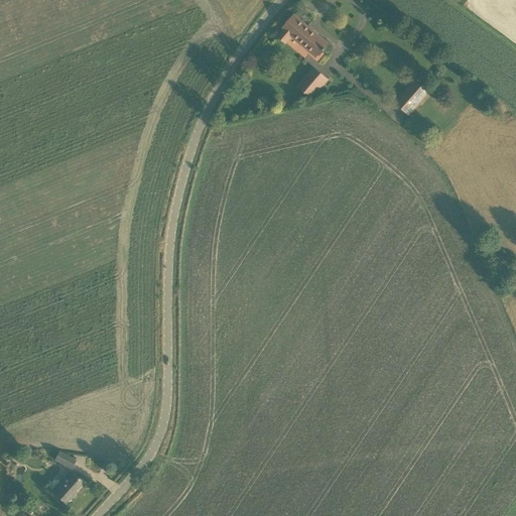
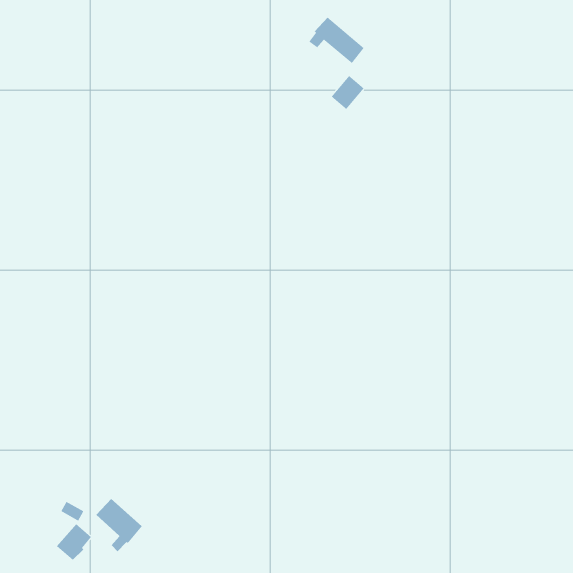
building: [394,82,426,116] -> none
building: none -> [95,498,142,552]

